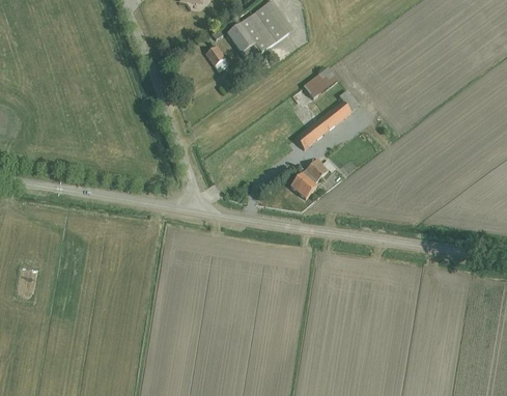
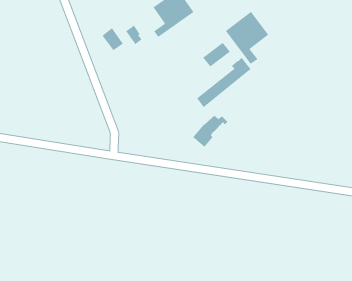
building: [226,23,254,53] -> [101,27,124,51]
building: none -> [225,11,269,65]

